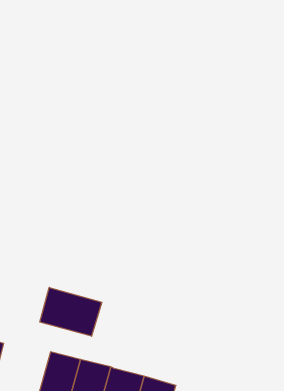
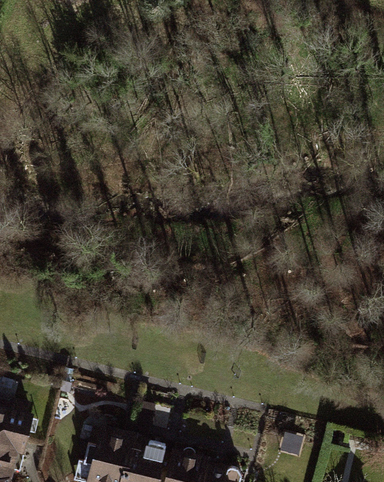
building: [40,287,102,336] -> none

